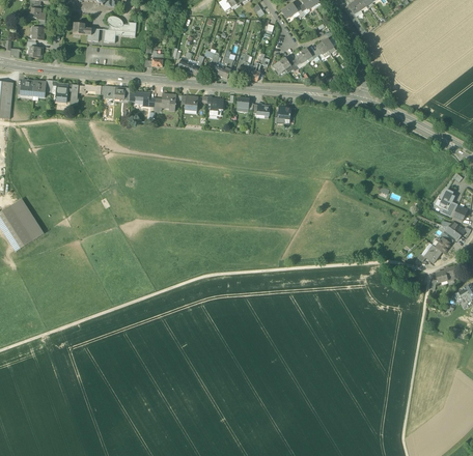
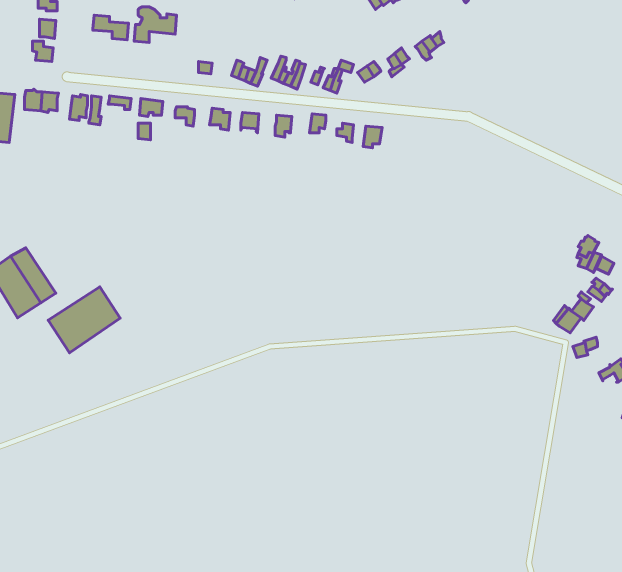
building: none -> [48,287,120,353]

